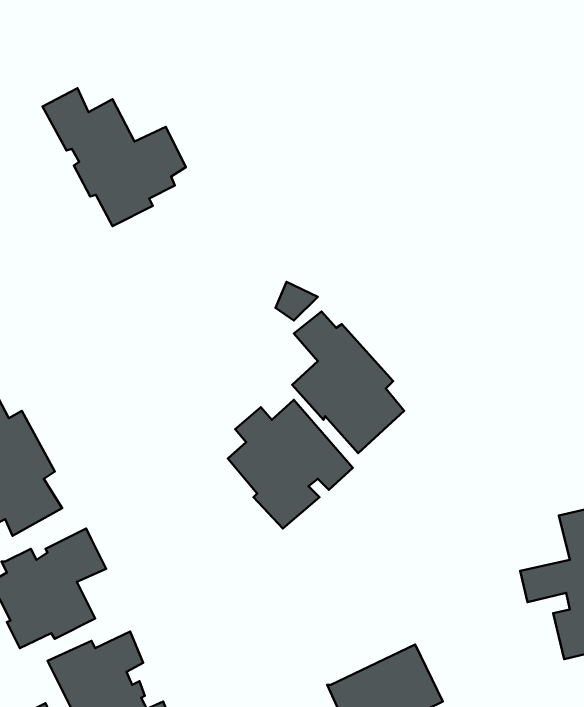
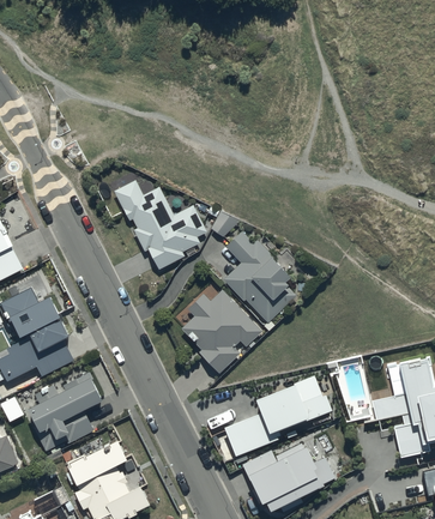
building: [42,88,186,226] -> [113,180,206,270]
building: none -> [223,375,332,455]

